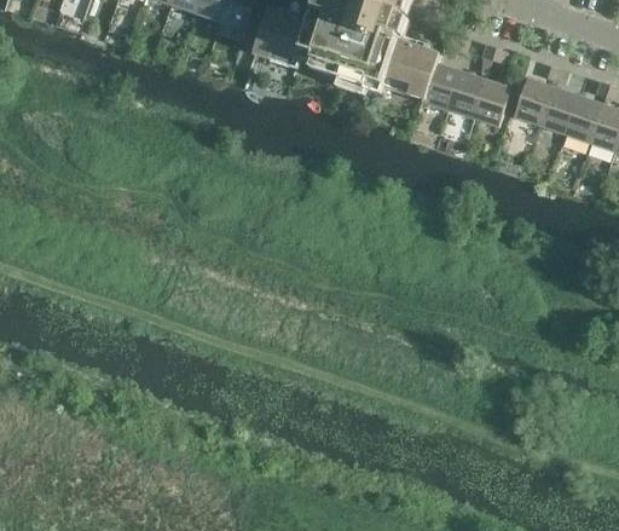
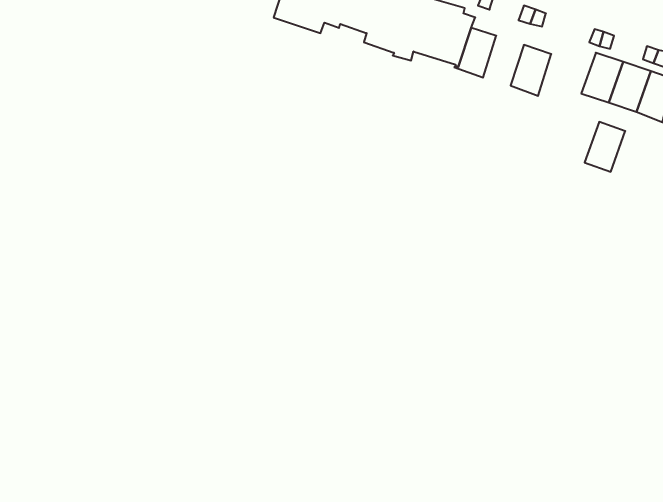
building: [446,70,484,116] -> none
building: [513,77,550,123] -> [585,122,625,172]

